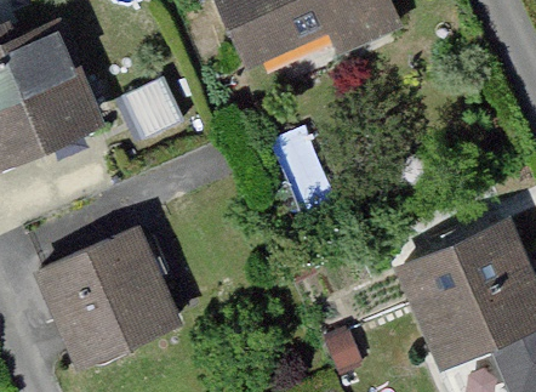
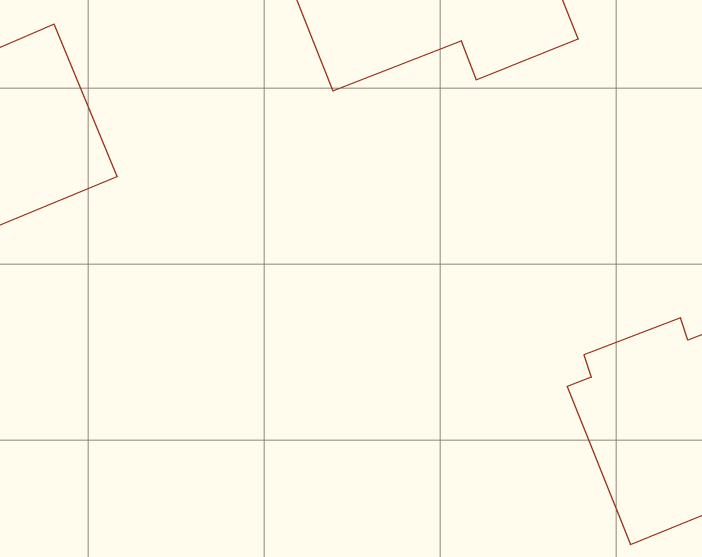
building: [40,228,186,368] -> none

